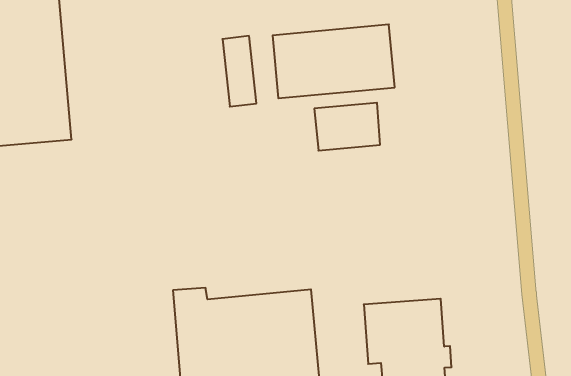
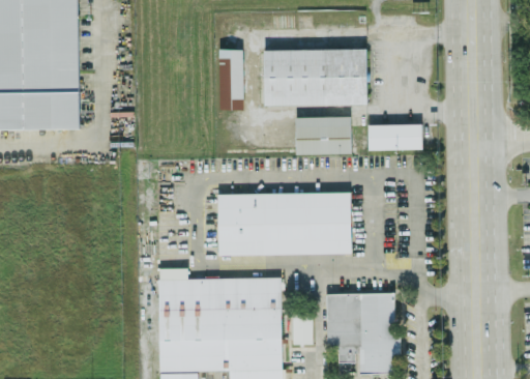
building: none -> [367,124,421,150]
building: none -> [217,193,351,256]
building: none -> [292,315,313,345]

